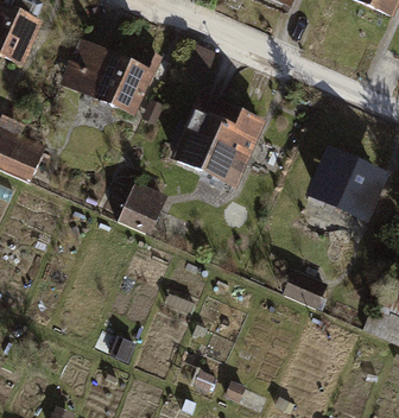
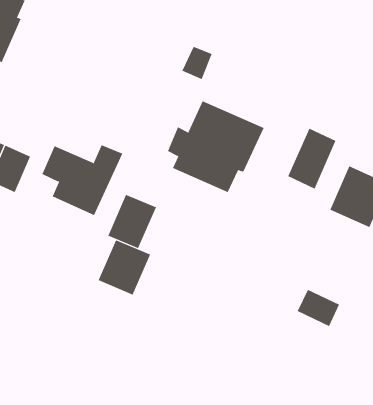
building: [82,48,157,113] -> [41,144,123,216]
building: none -> [288,128,336,189]
building: none -> [98,239,151,295]

